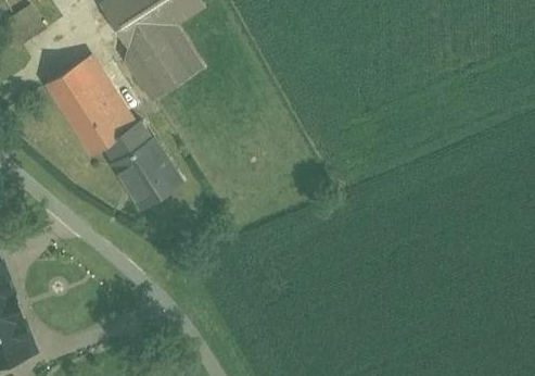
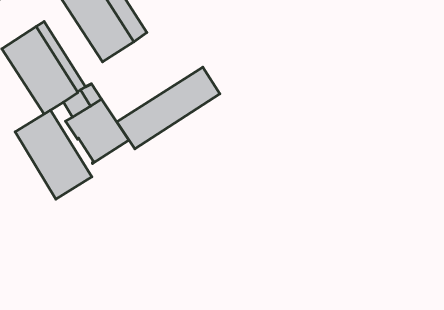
building: none -> [117,67,220,149]
building: none -> [15,110,92,199]

